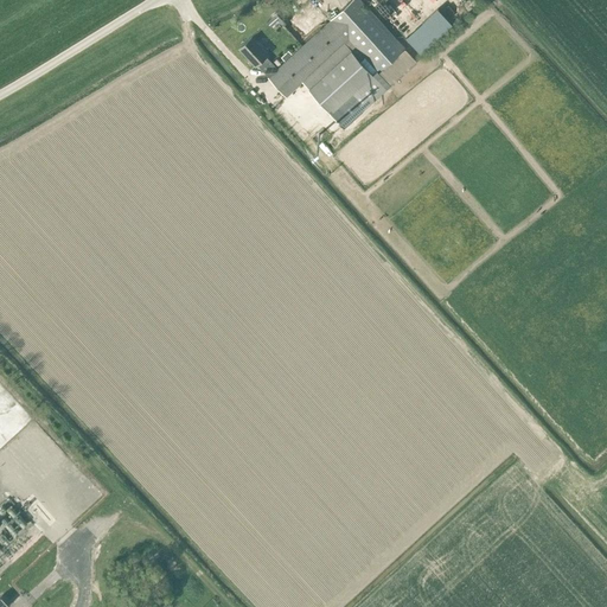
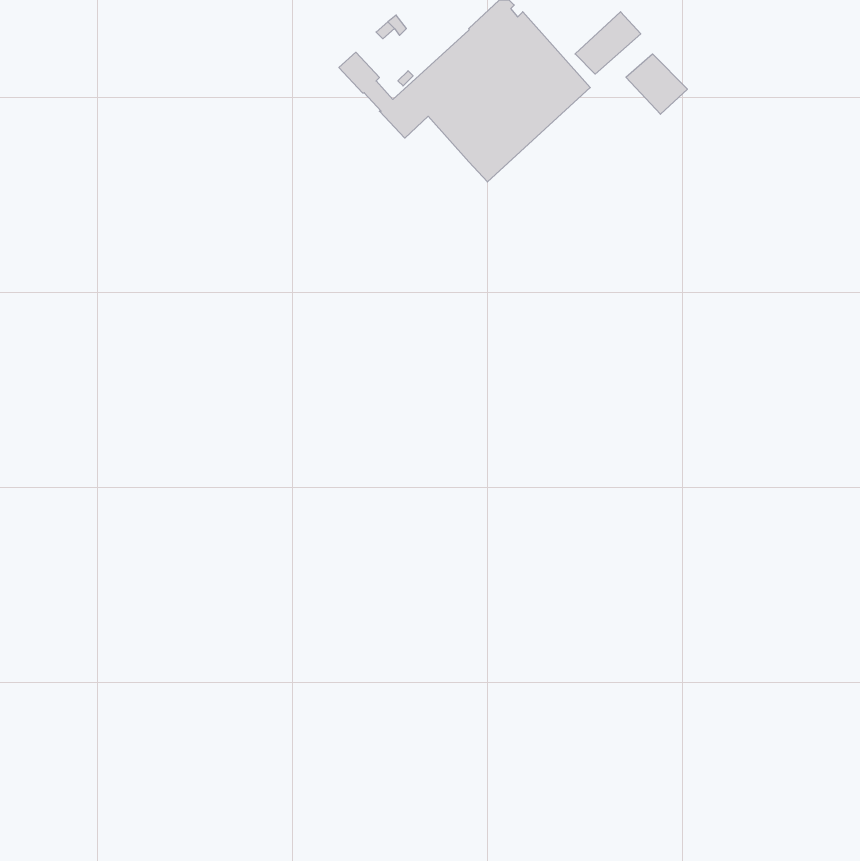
building: none -> [626,54,687,114]

